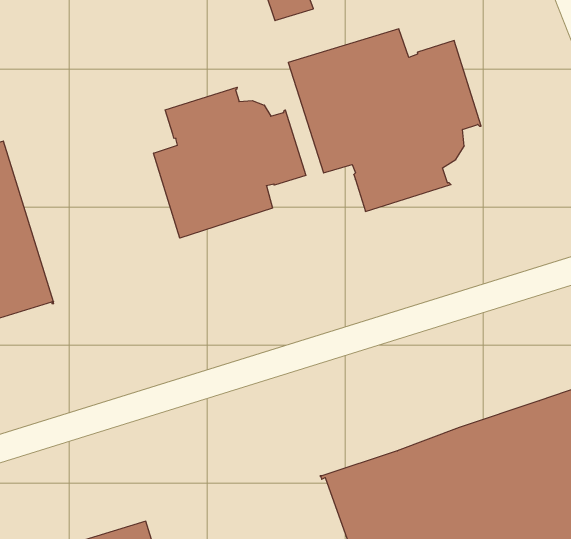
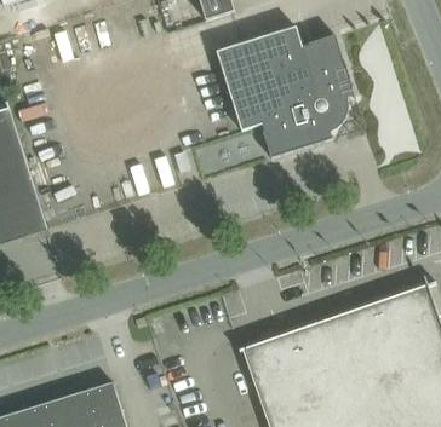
building: [154,87,306,238] -> none

